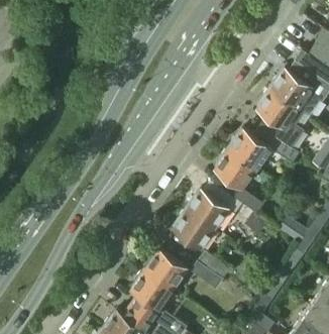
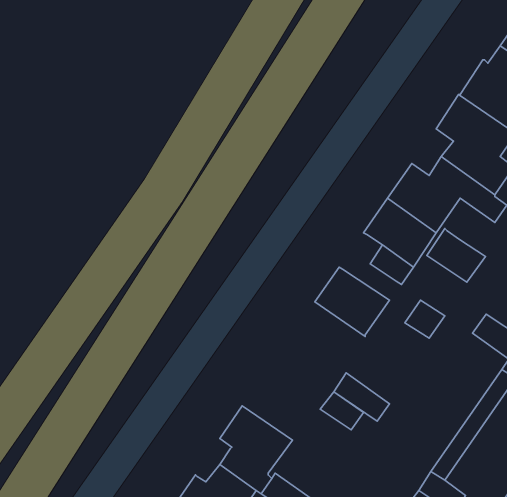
building: none -> [427,229,485,282]
building: [173,210,216,249] -> none
building: [144,250,188,291] -> none

